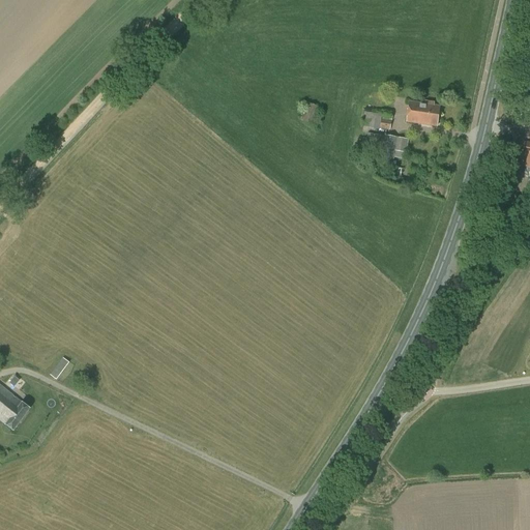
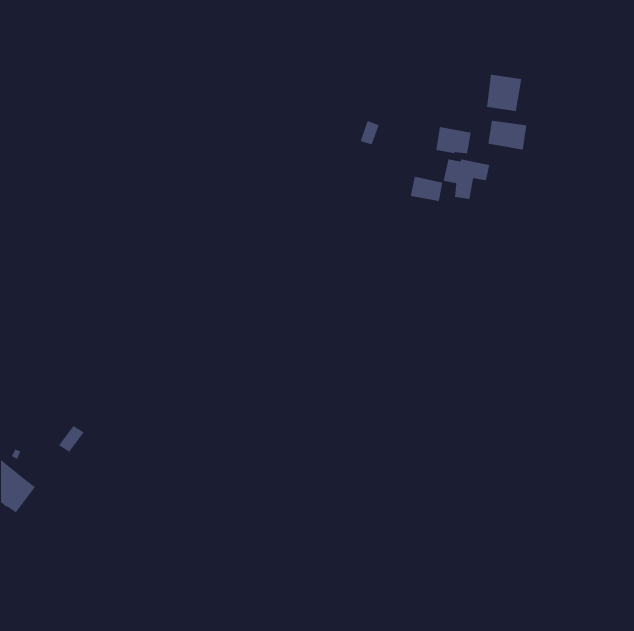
building: none -> [486,74,522,112]
building: none -> [410,176,443,202]

